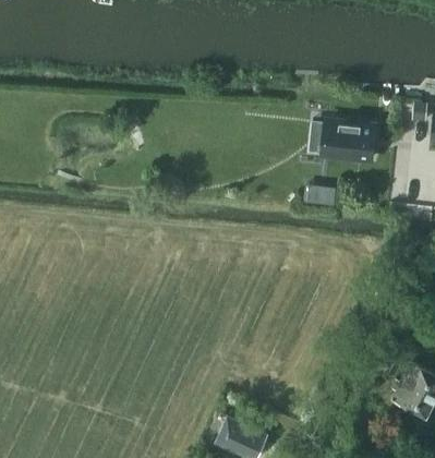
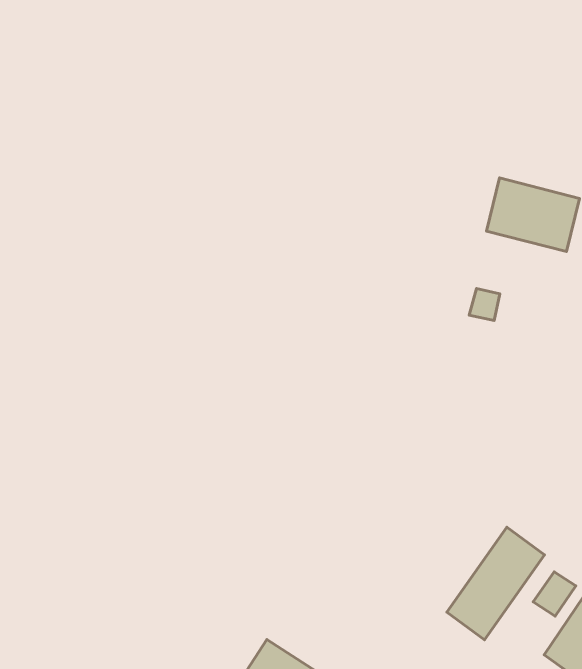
building: none -> [447,527,545,640]

